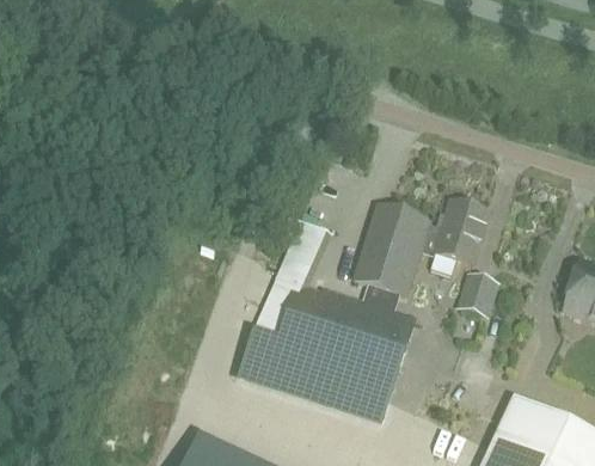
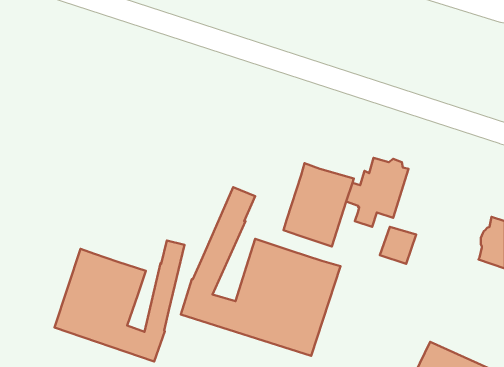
building: none -> [54,240,184,362]

